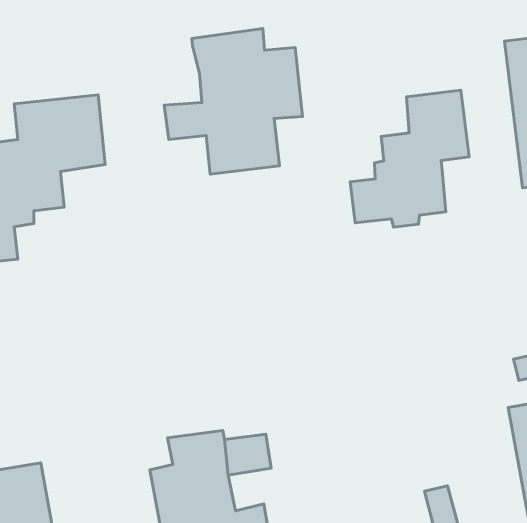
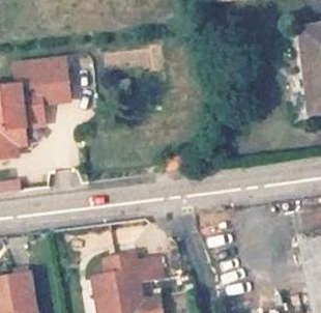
building: [164,28,303,174] -> none
building: [350,90,469,227] -> none

